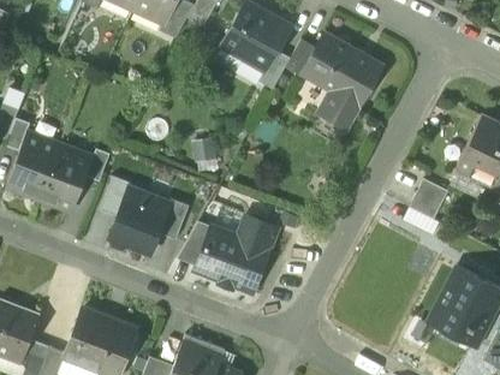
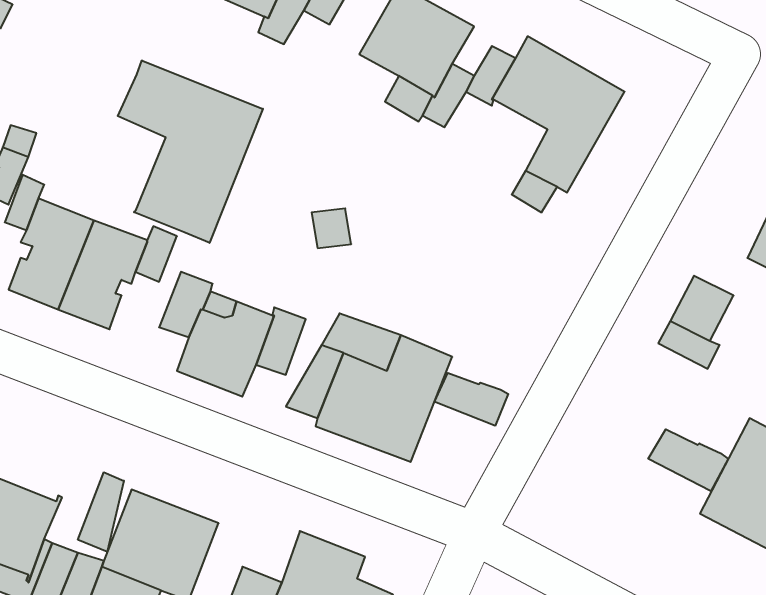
building: none -> [118,60,263,243]
building: none -> [434,373,508,426]
building: none -> [648,429,728,491]
building: none -> [78,472,124,552]

